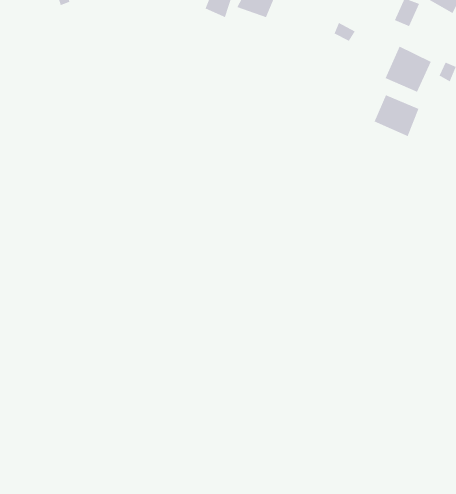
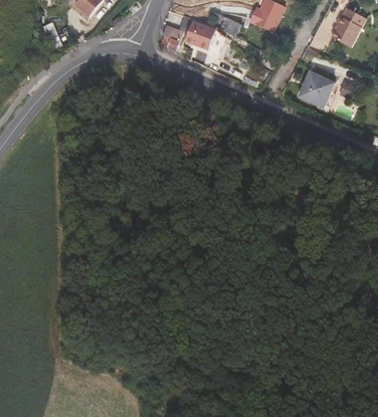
building: [373,94,419,137] -> none

